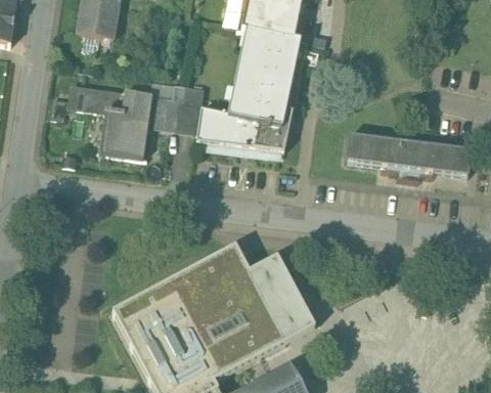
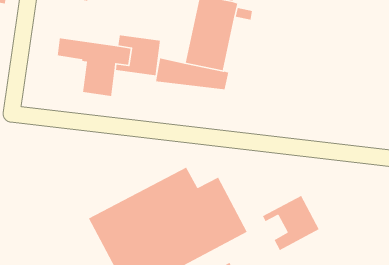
building: [346,133,472,174] -> none
building: none -> [262,195,320,251]

